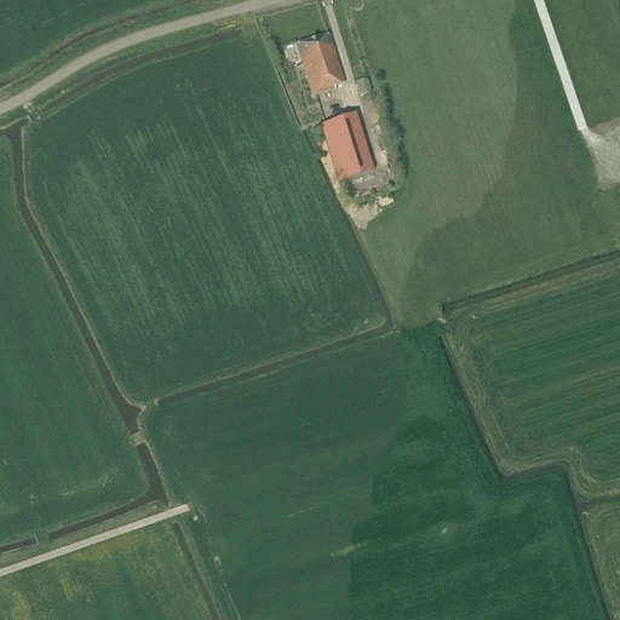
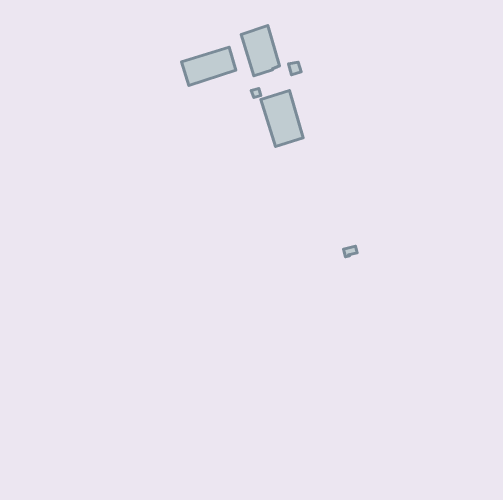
building: none -> [181,47,236,86]

